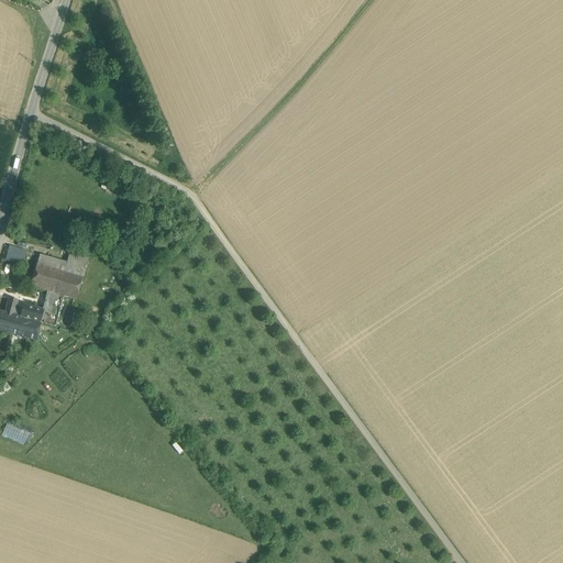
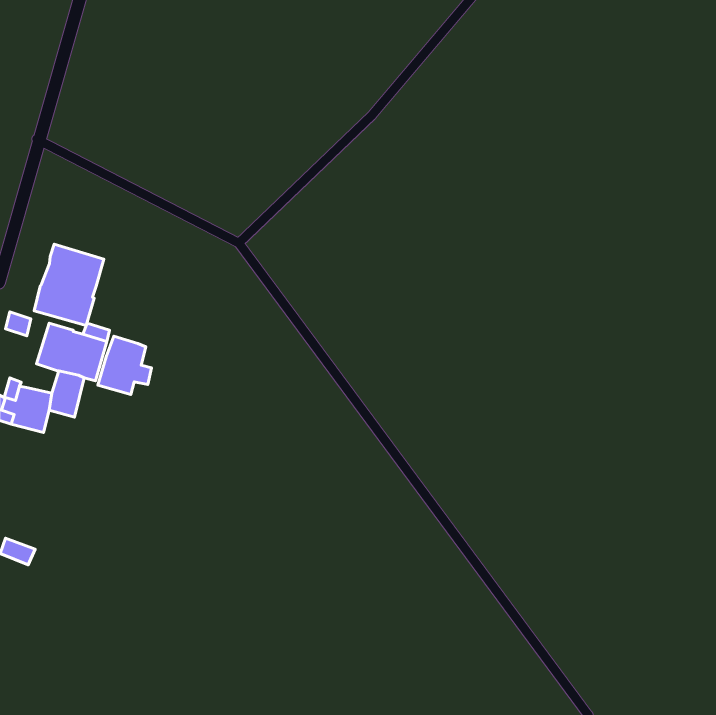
building: none -> [34,244,104,325]
building: none -> [98,336,151,395]

